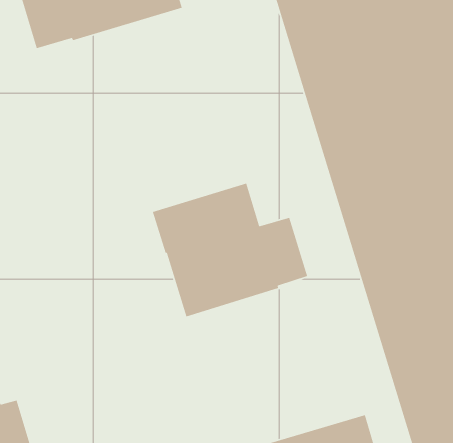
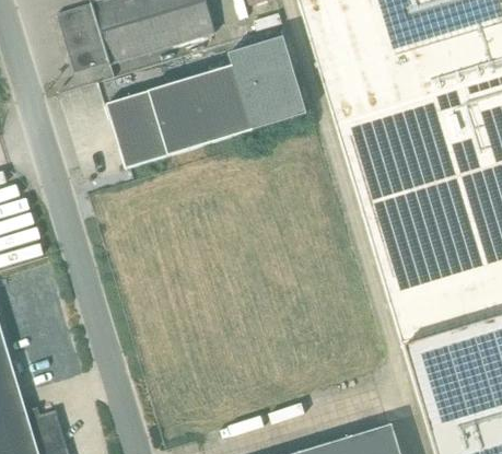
building: none -> [106,37,305,170]
building: [152,182,308,317] -> none

